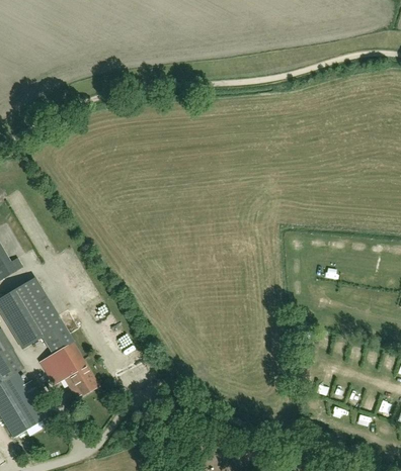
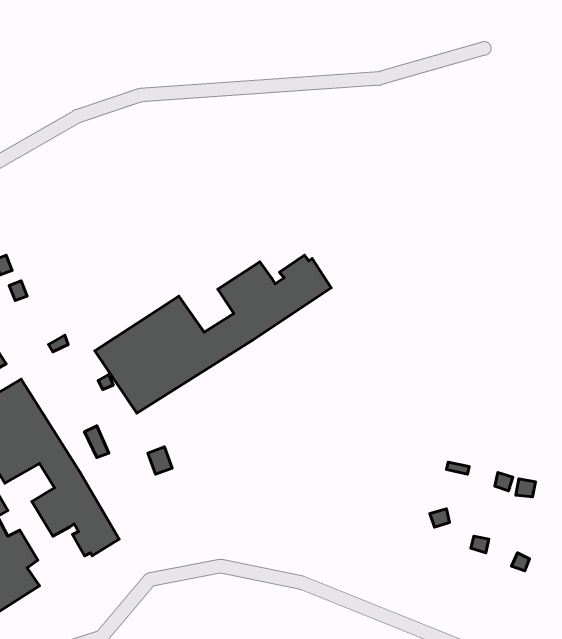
building: none -> [95,255,331,413]

